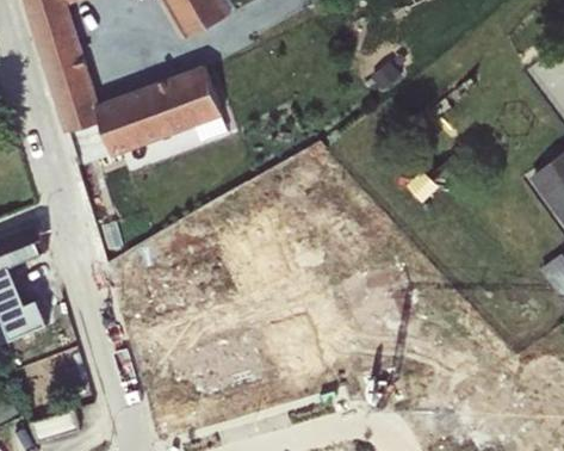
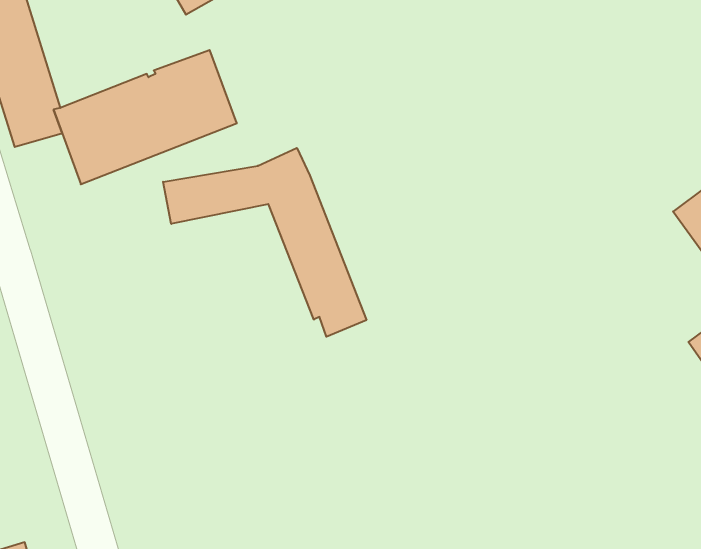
building: none -> [163,148,366,337]

